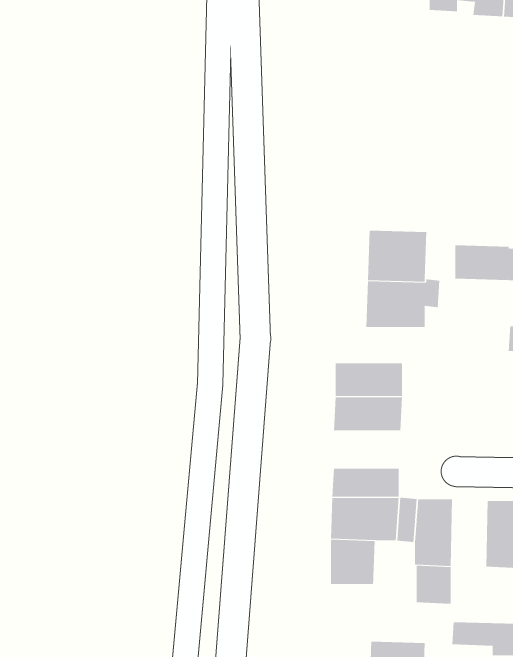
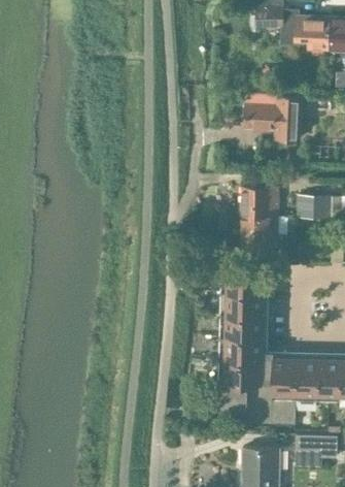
building: none -> [244,93,301,137]
building: none -> [219,313,263,336]
building: none -> [295,356,317,399]

